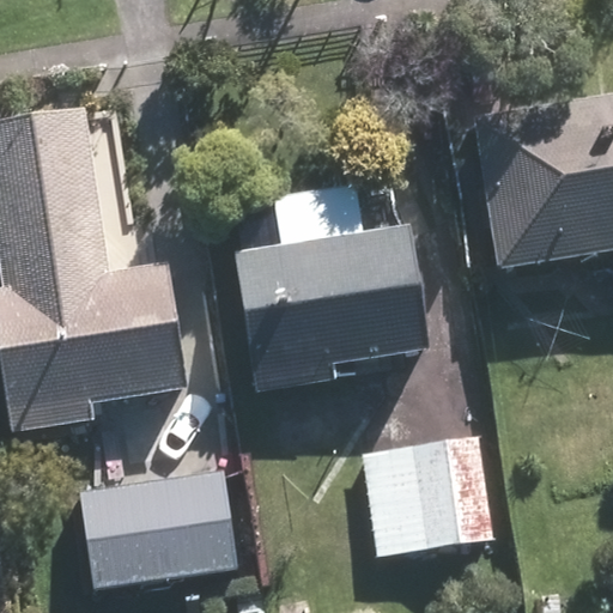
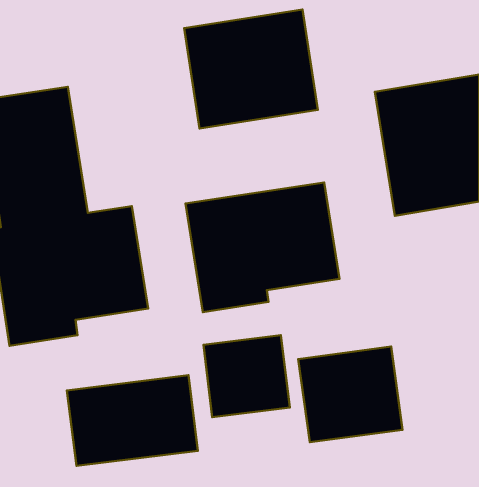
building: none -> [184,9,318,128]
building: none -> [203,335,290,417]

